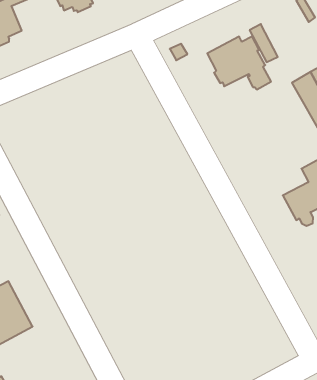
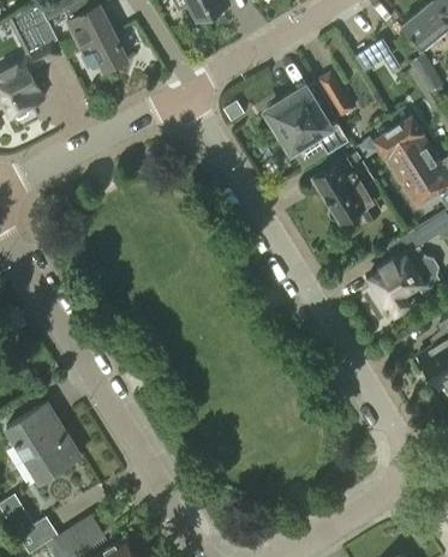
building: none -> [315,150,380,222]

